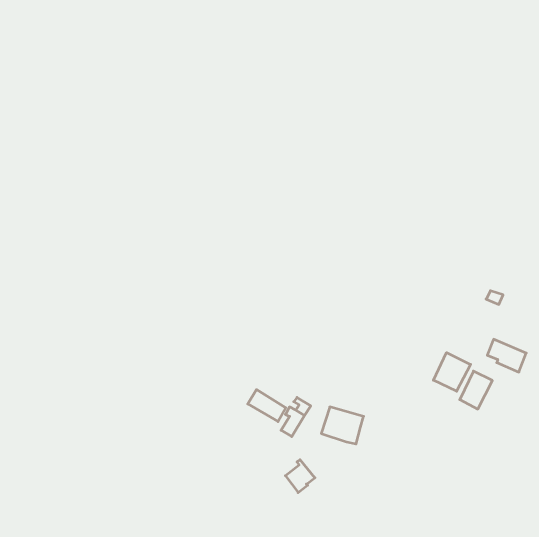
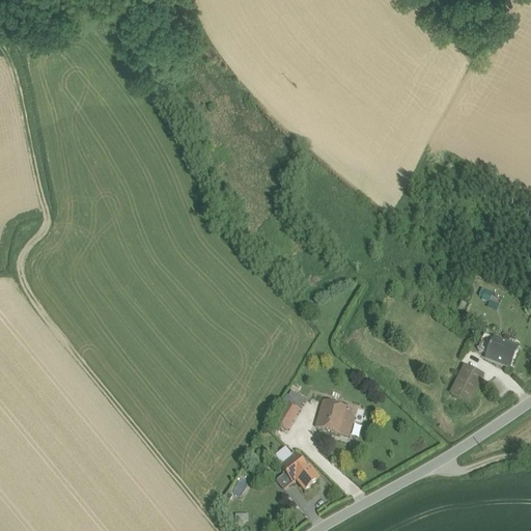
building: [433,353,471,391] -> none
building: [248,390,286,422] -> none

